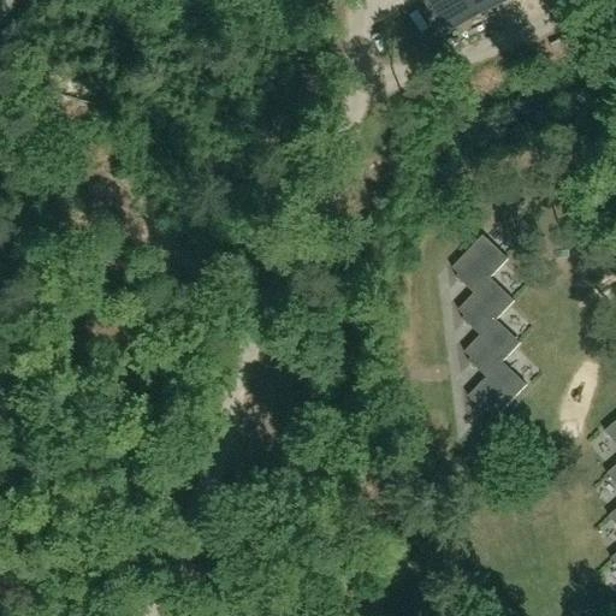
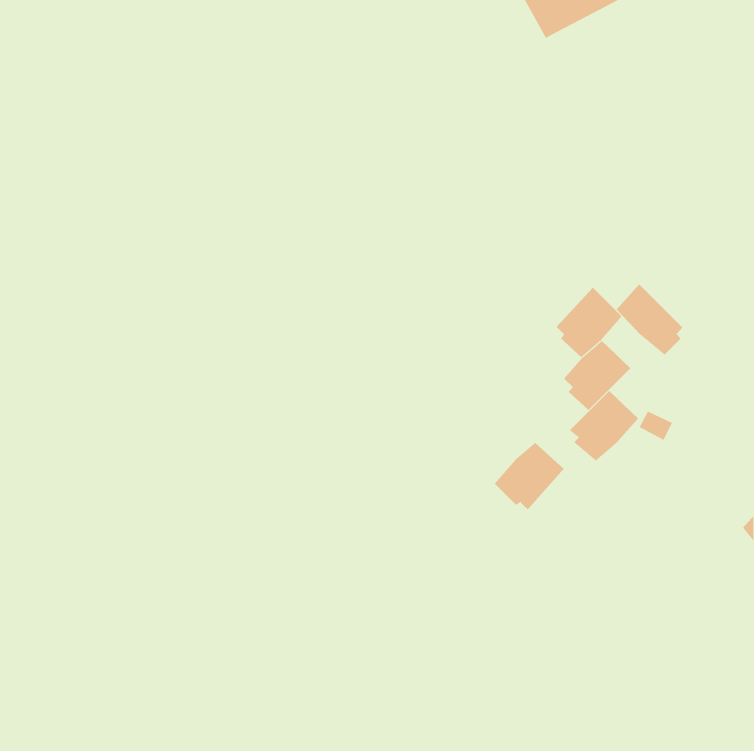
building: none -> [616,283,683,355]
building: [468,361,526,416] -> [494,442,565,510]

